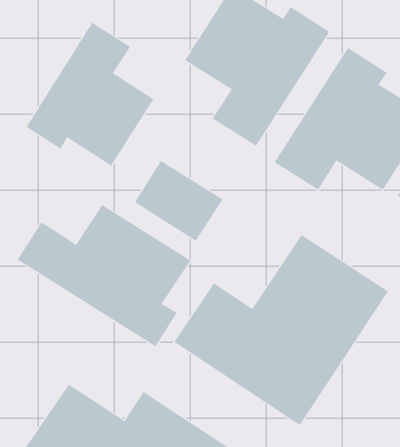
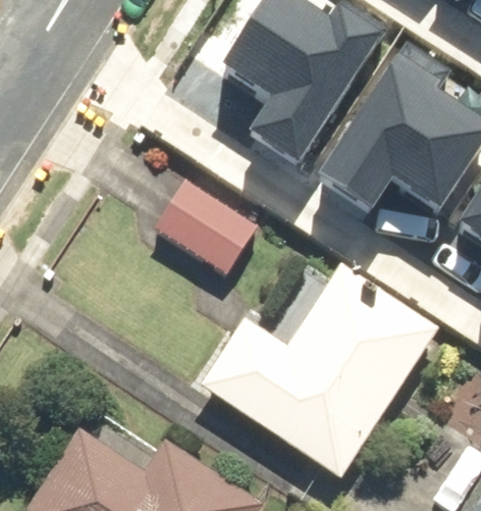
building: [26,22,154,167] -> none
building: [17,204,191,347] -> none

